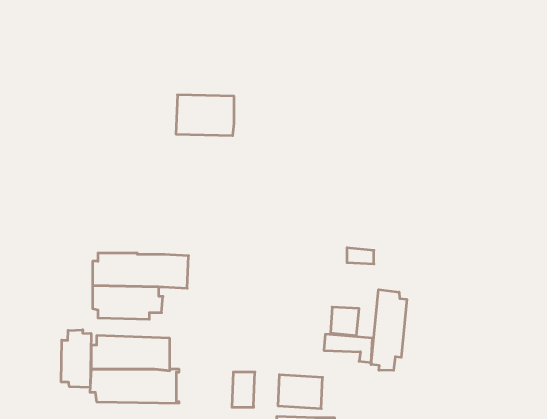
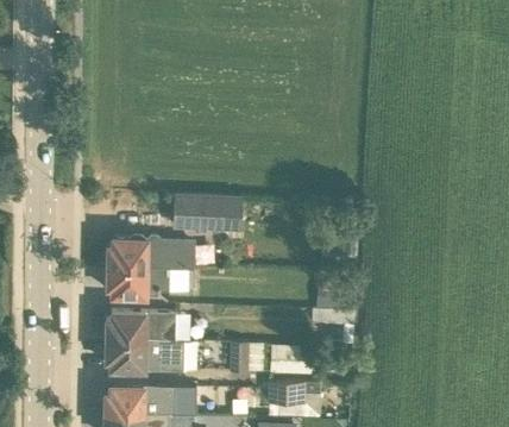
building: [176,95,234,136] -> [174,195,225,231]
building: [371,290,407,370] -> none
building: [61,330,91,388] -> none

